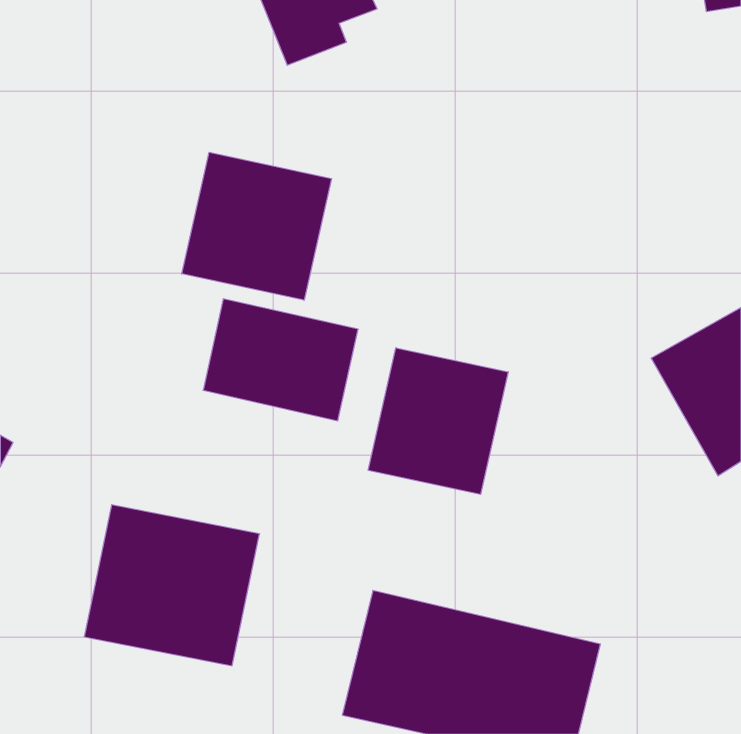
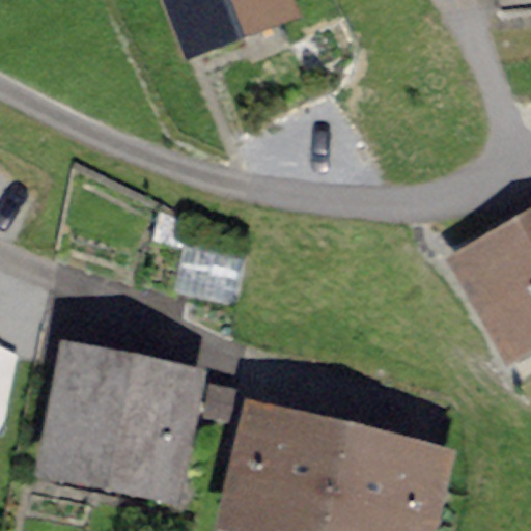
building: [182,152,332,300] -> none
building: [368,348,508,494] -> none

